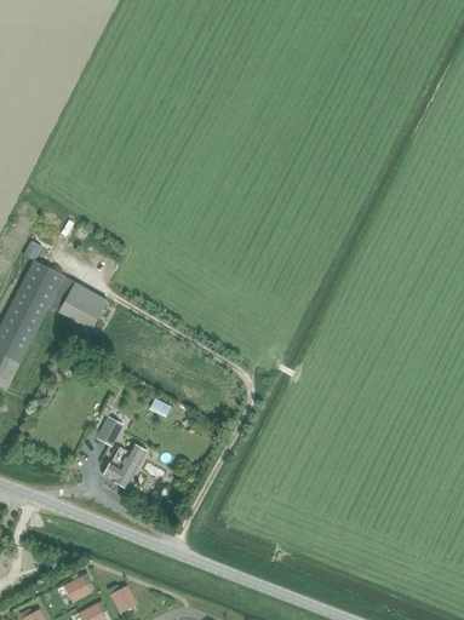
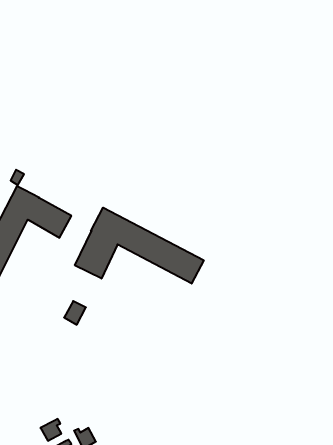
building: none -> [75,208,204,284]
building: [103,443,145,488] -> none

